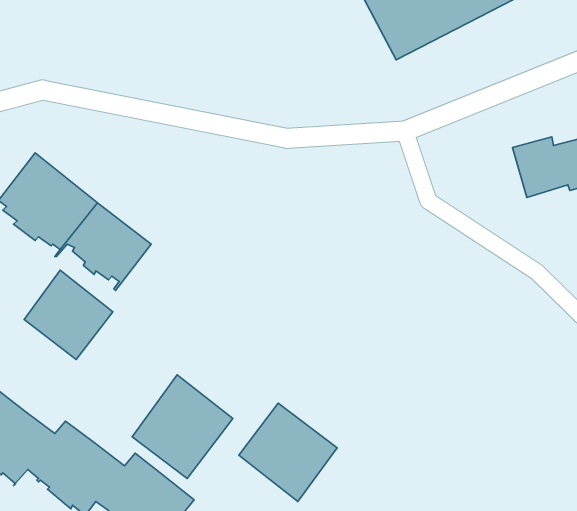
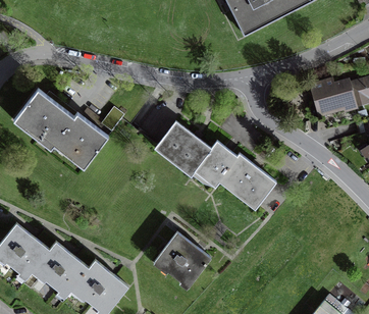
building: none -> [156,121,275,206]
building: [24,270,113,359] -> none
building: [132,375,233,479] -> none

